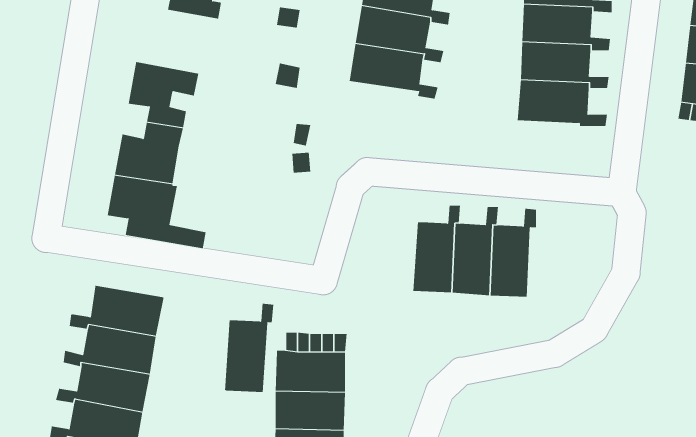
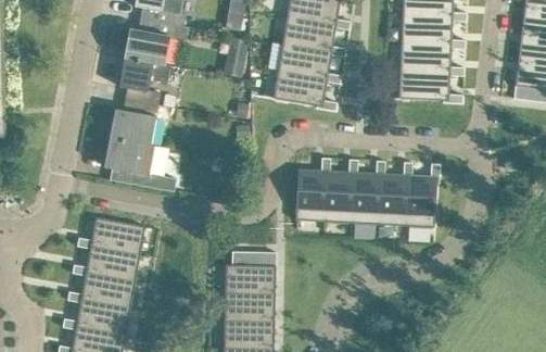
building: none -> [125,18,189,64]
building: none -> [274,70,337,110]
building: none -> [406,163,440,226]
building: [224,303,274,392] -> [295,156,331,221]

